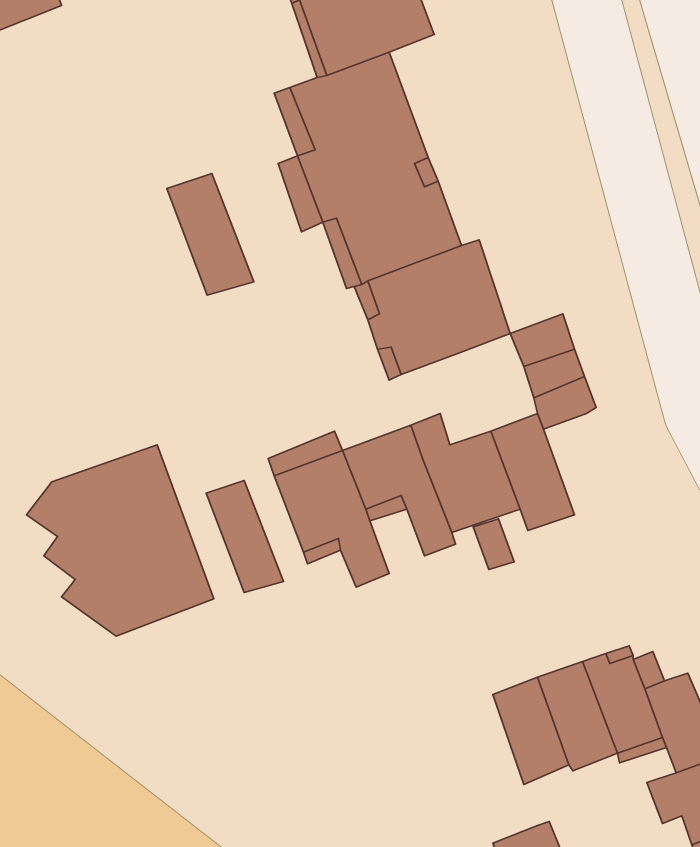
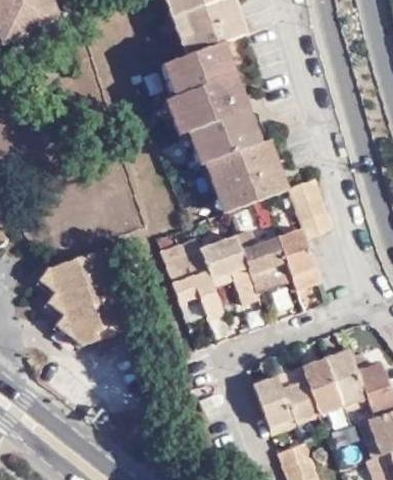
building: [167,173,254,295] -> none
building: [206,480,284,593] -> none
building: none -> [254,376,295,431]

